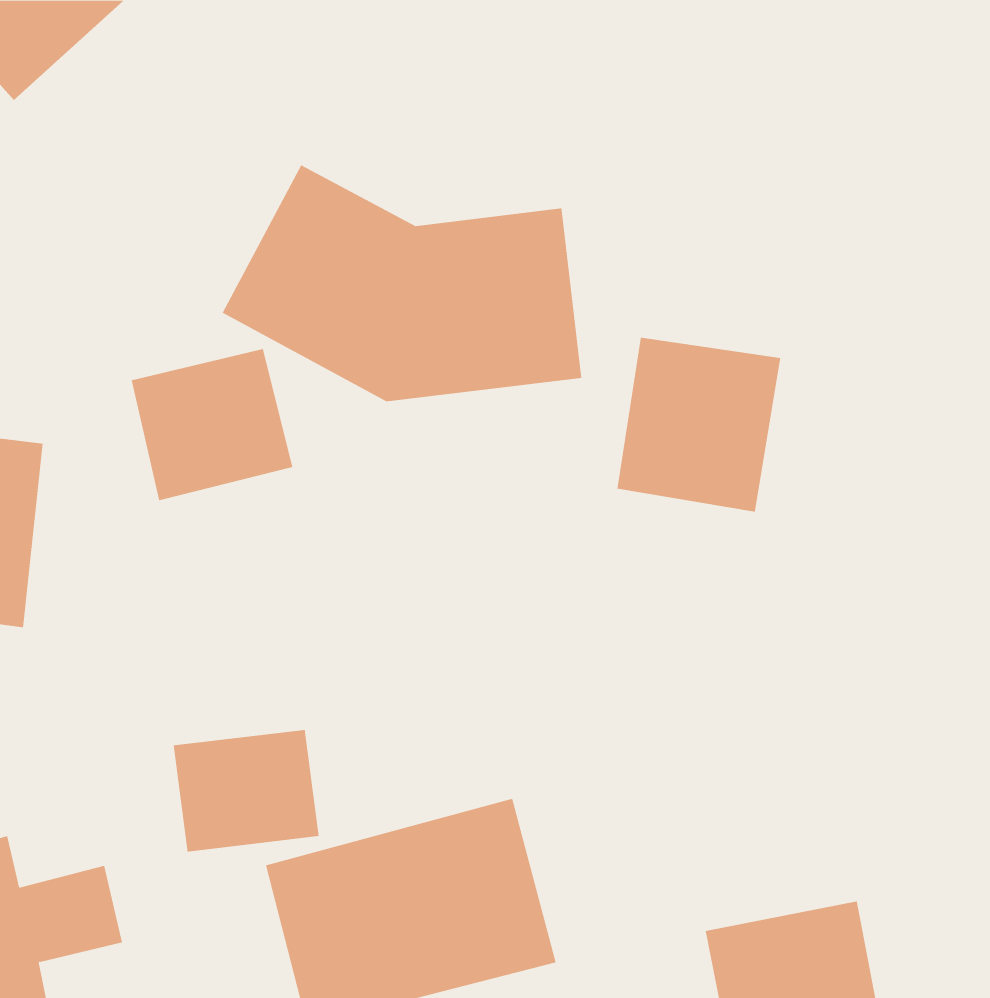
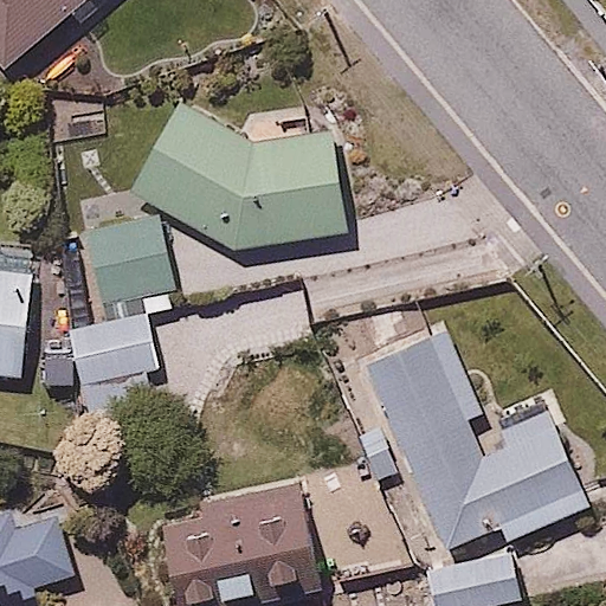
building: [617,337,781,512] -> none
building: none -> [362,329,587,549]
building: [173,729,319,852] -> [64,315,152,388]

